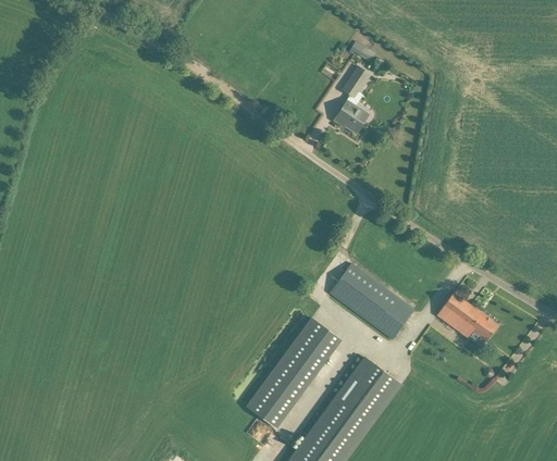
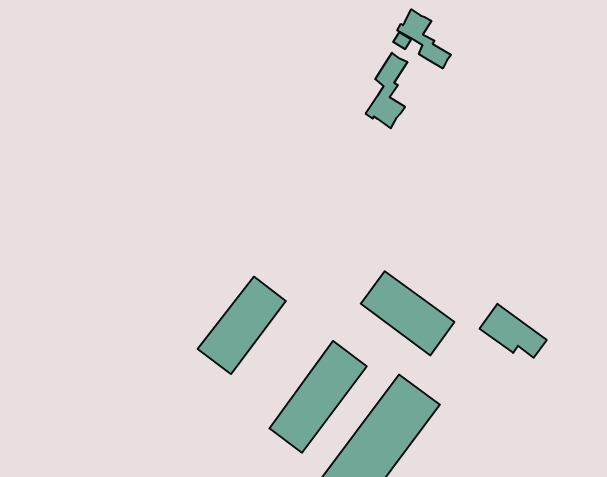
building: none -> [397,9,451,68]
building: none -> [198,277,286,374]

